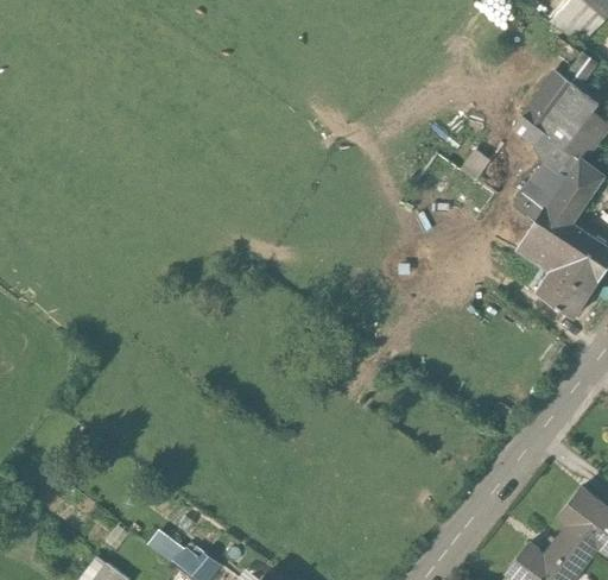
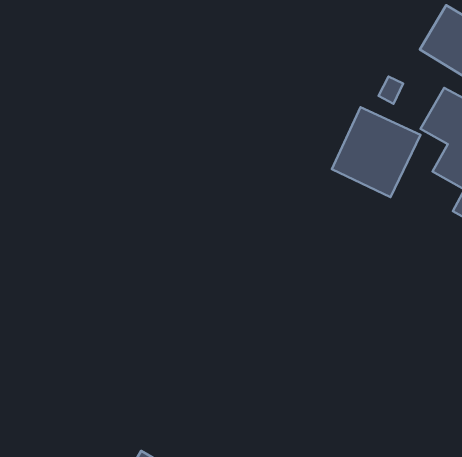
building: none -> [332,107,420,197]

